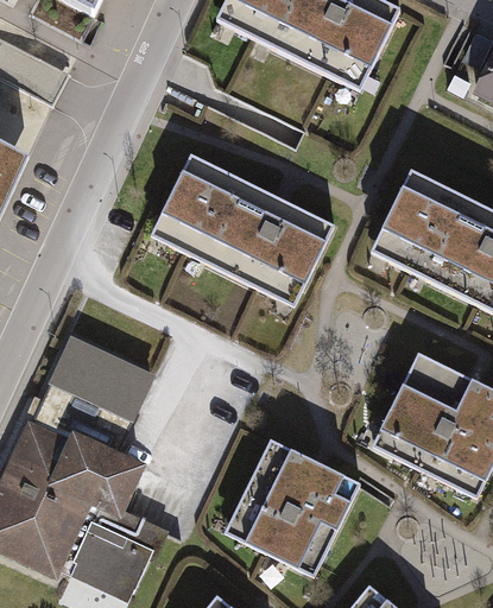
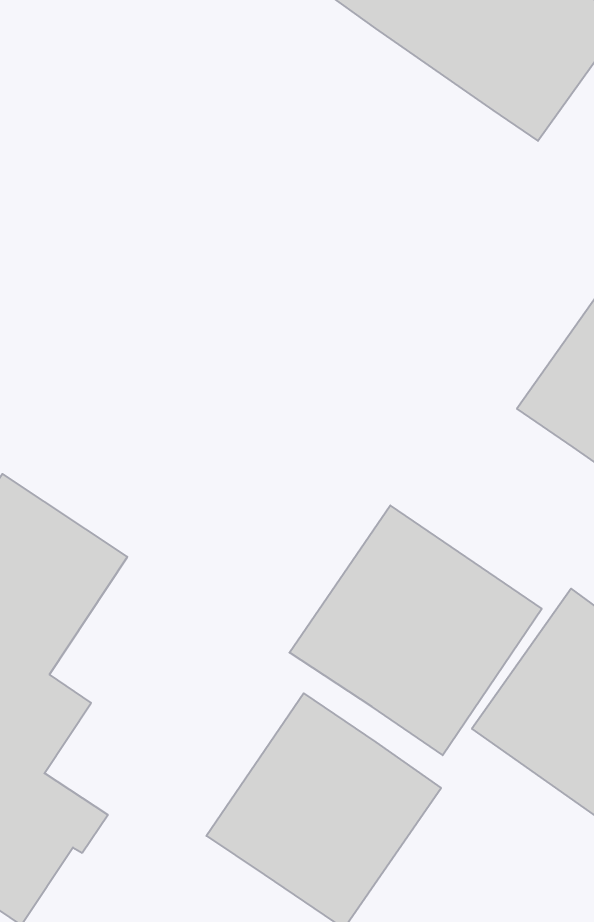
building: [150,153,334,305] -> none
building: none -> [289,505,542,755]

